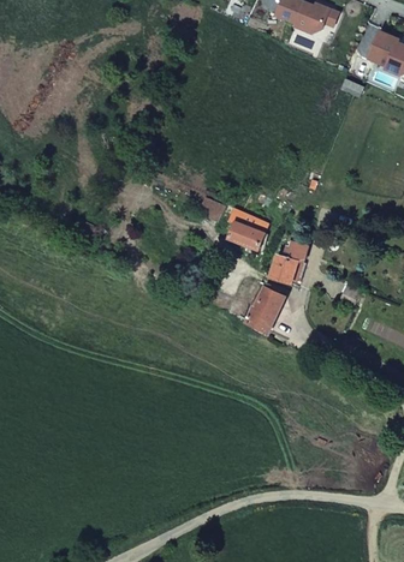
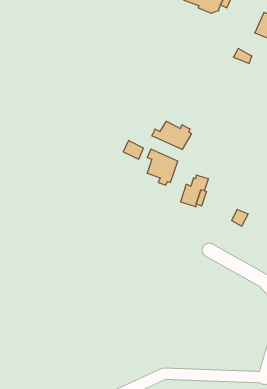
building: none -> [152,121,192,150]
building: [248,287,283,329] -> none

